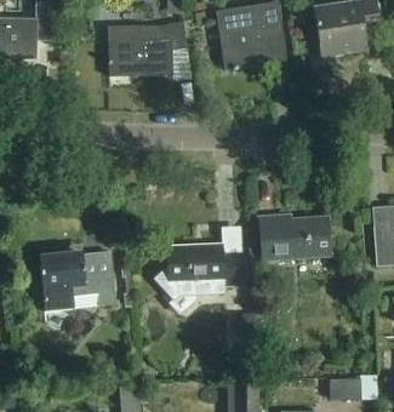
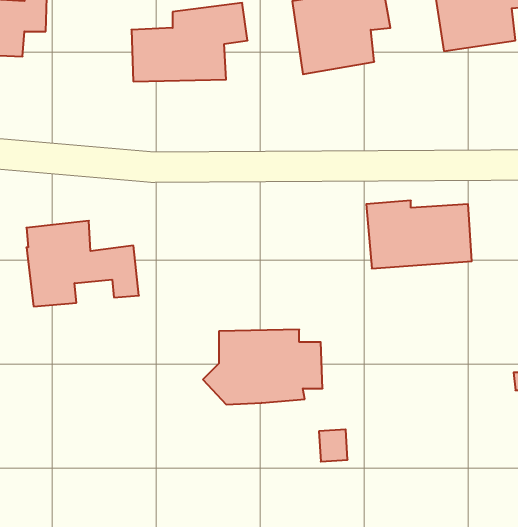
building: [258,213,330,259] -> [366,201,472,268]
building: [40,252,116,310] -> [26,221,139,306]

